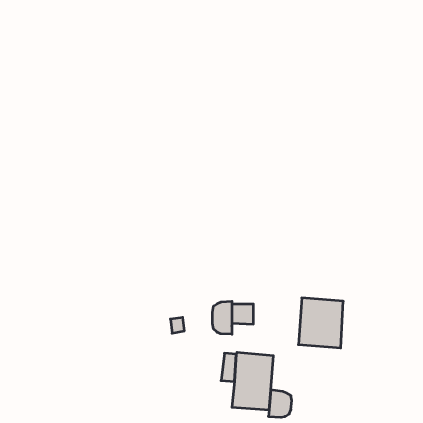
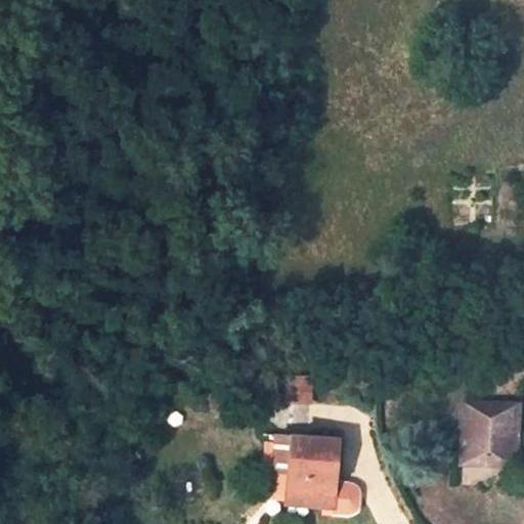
building: [298,298,343,348] -> [461,401,516,463]
building: [212,301,232,334] -> none

